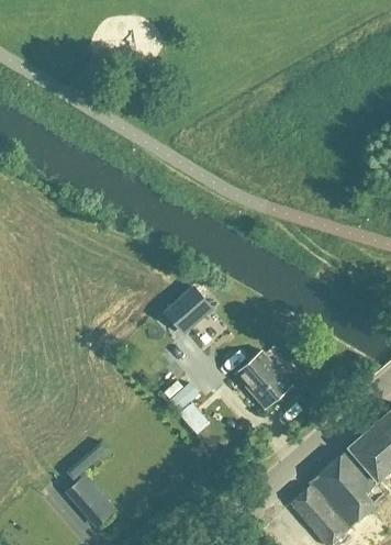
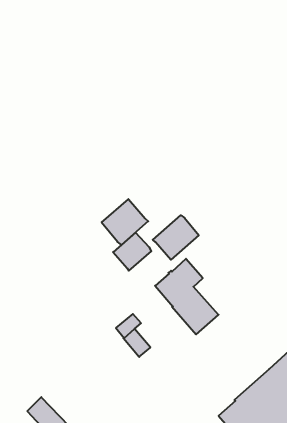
building: none -> [102,199,148,245]
building: none -> [153,215,199,260]

